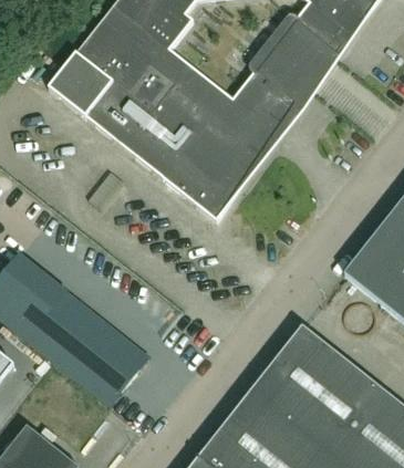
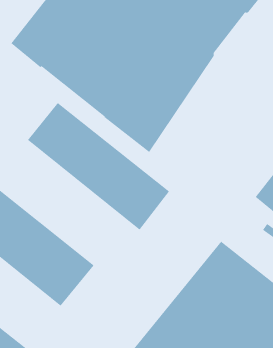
building: none -> [27,102,170,230]

